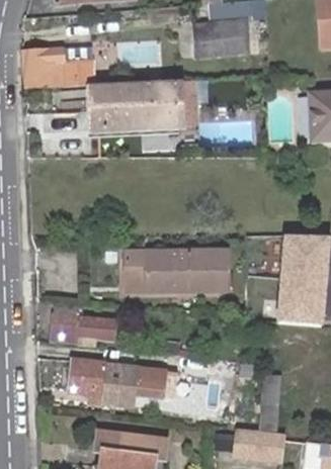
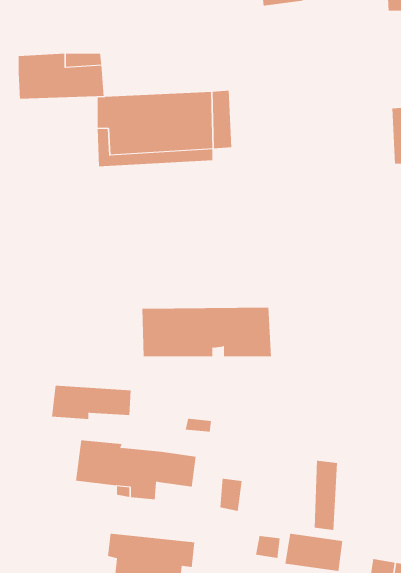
building: [193,18,247,57] -> none
building: [269,232,325,329] -> none

